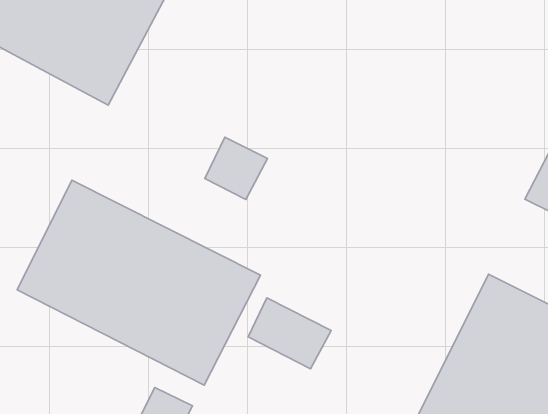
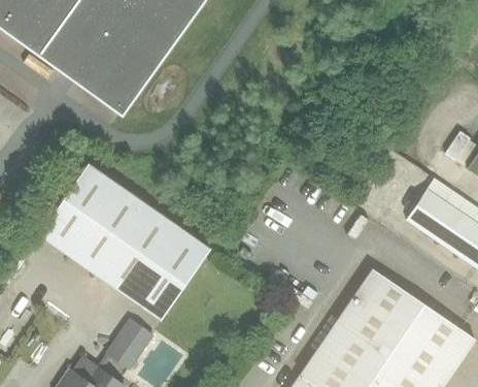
building: [205,137,267,200] -> none
building: [248,298,331,369] -> none

